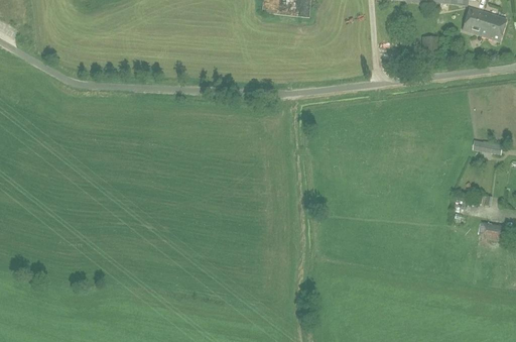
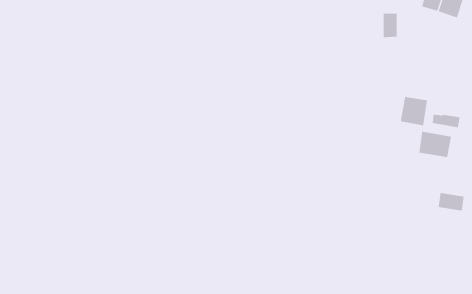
building: none -> [400,96,428,126]
building: none -> [419,131,452,158]

